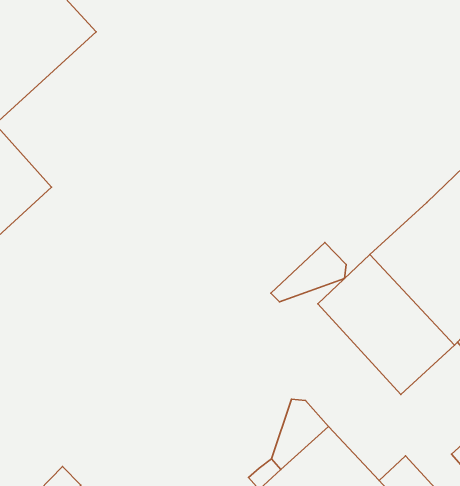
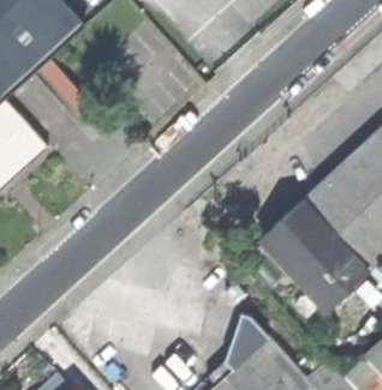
building: [271,243,346,302] -> none

